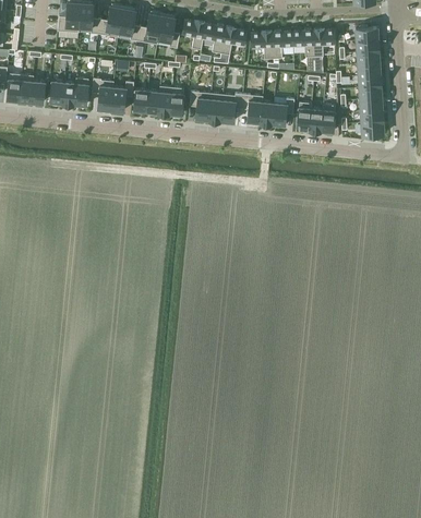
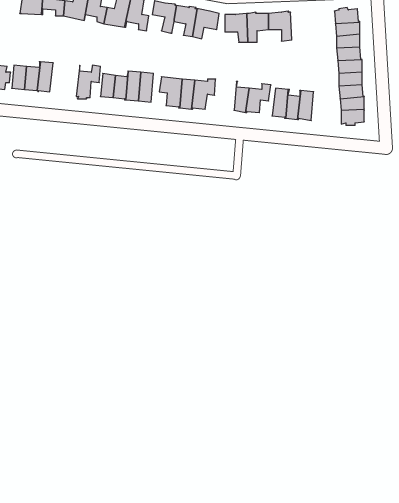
building: [313,31,335,58] -> none
building: [92,79,113,112] -> none
building: [241,95,262,124] -> none

